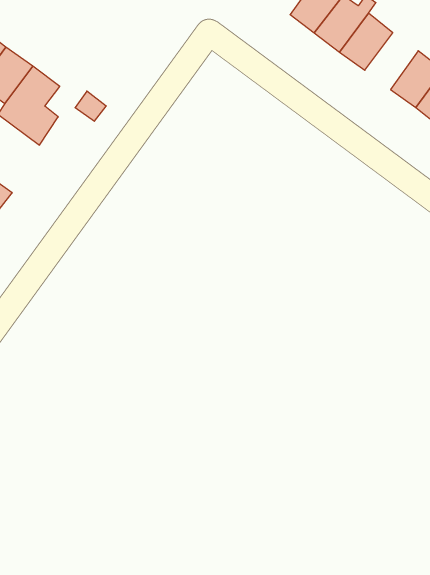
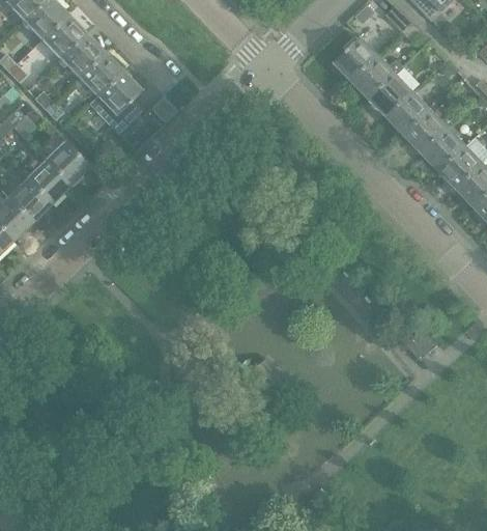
building: none -> [385,91,430,136]

